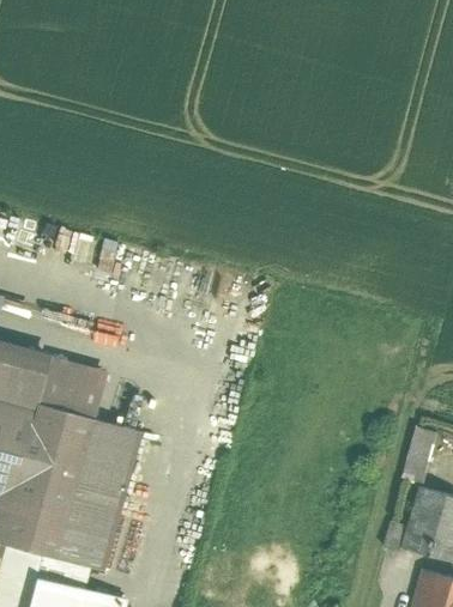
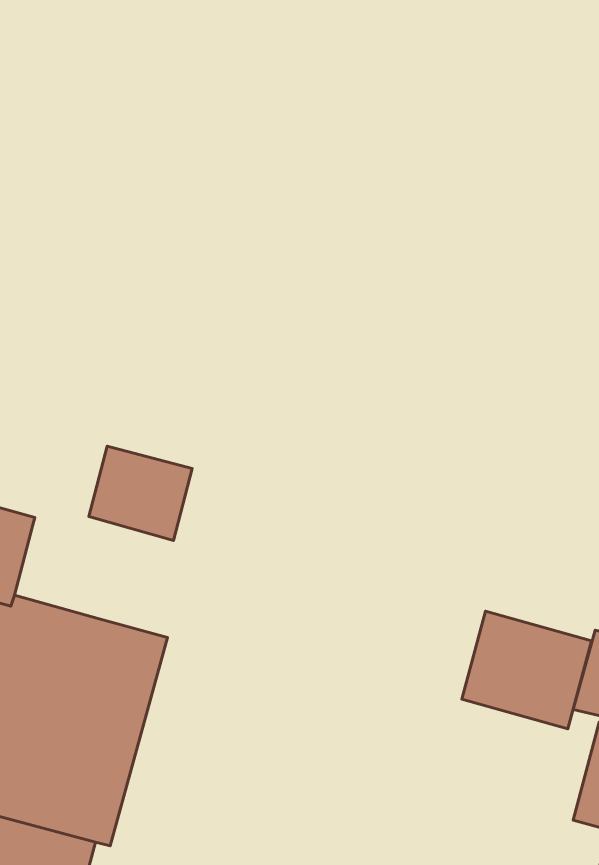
building: [38,360,105,421] -> [89,446,192,540]
building: none -> [462,611,592,729]

